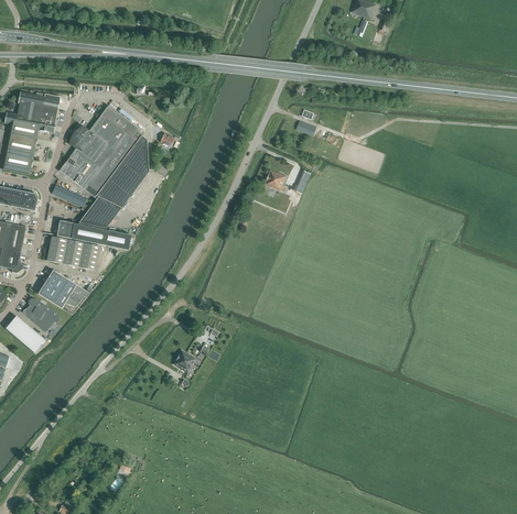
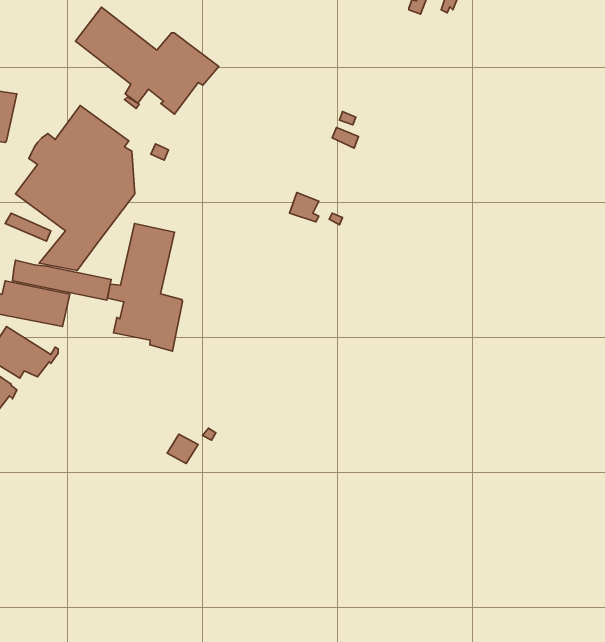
building: none -> [76,7,219,114]
building: none -> [107,224,183,351]

